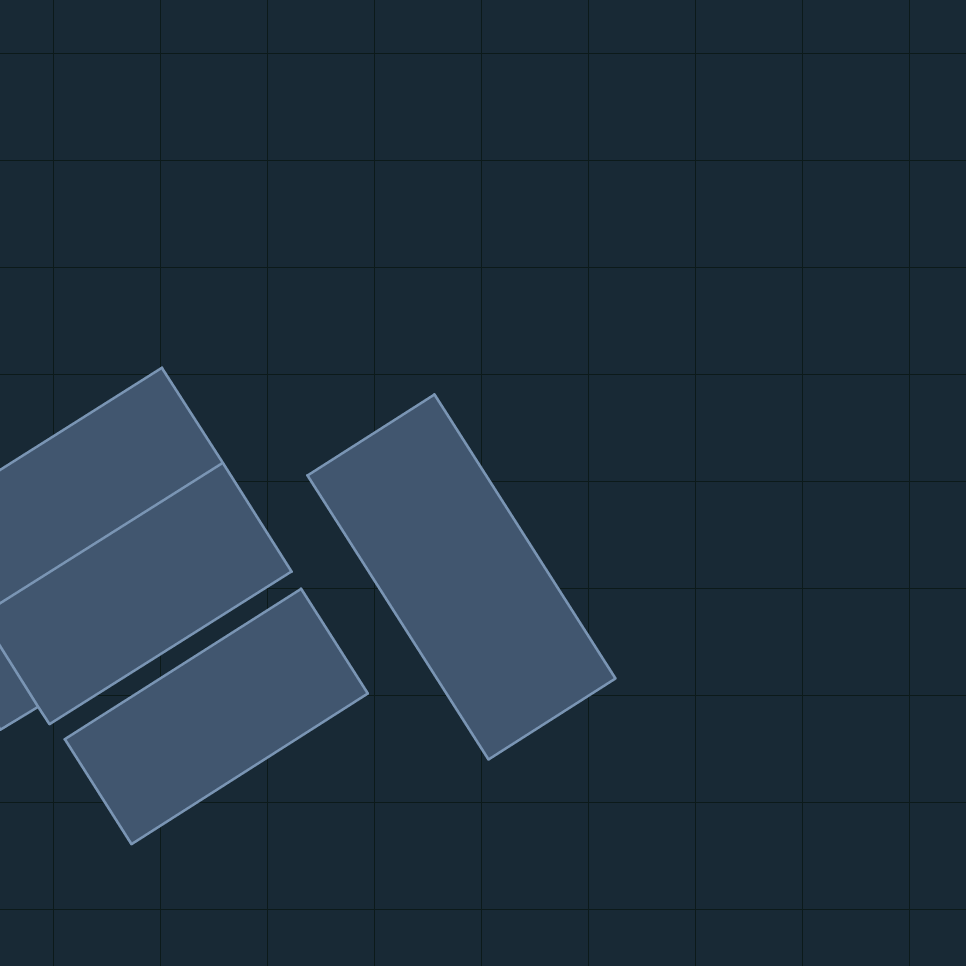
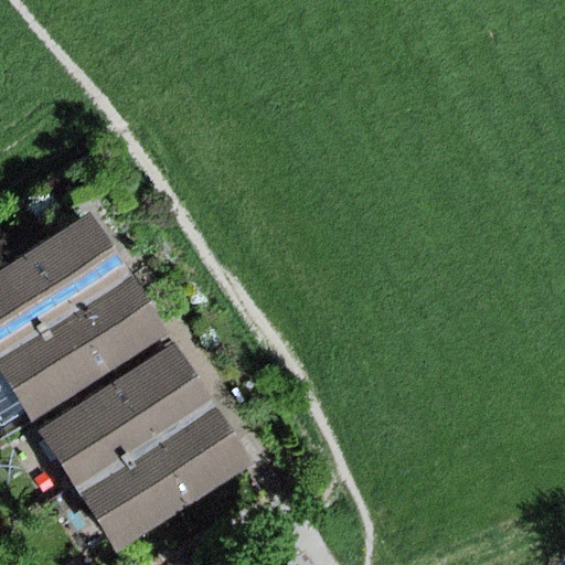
building: [307,394,615,759] -> none
building: none -> [76,402,253,551]

